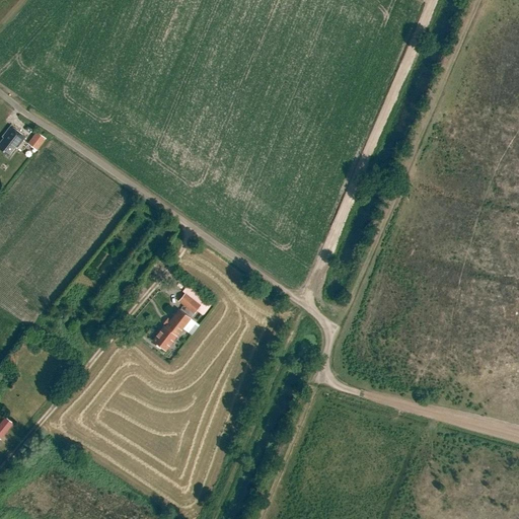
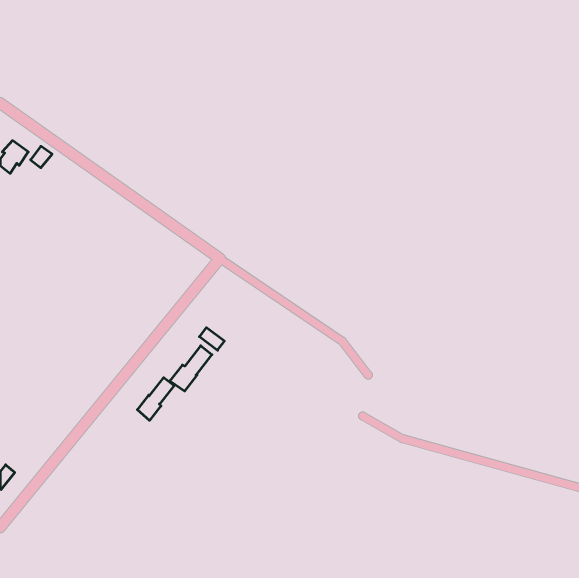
building: none -> [137,378,174,420]

